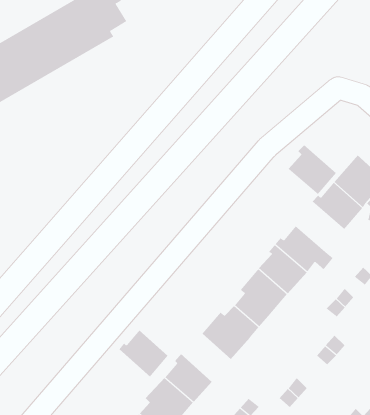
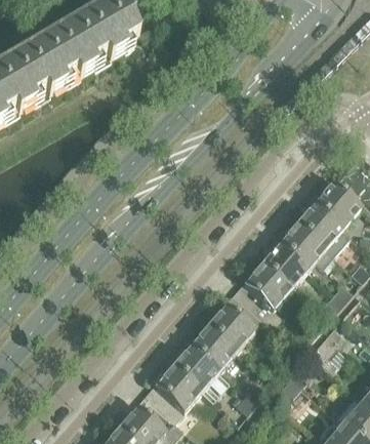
building: [288,145,337,195] -> [295,203,341,250]
building: [118,330,169,378] -> [188,327,235,372]

